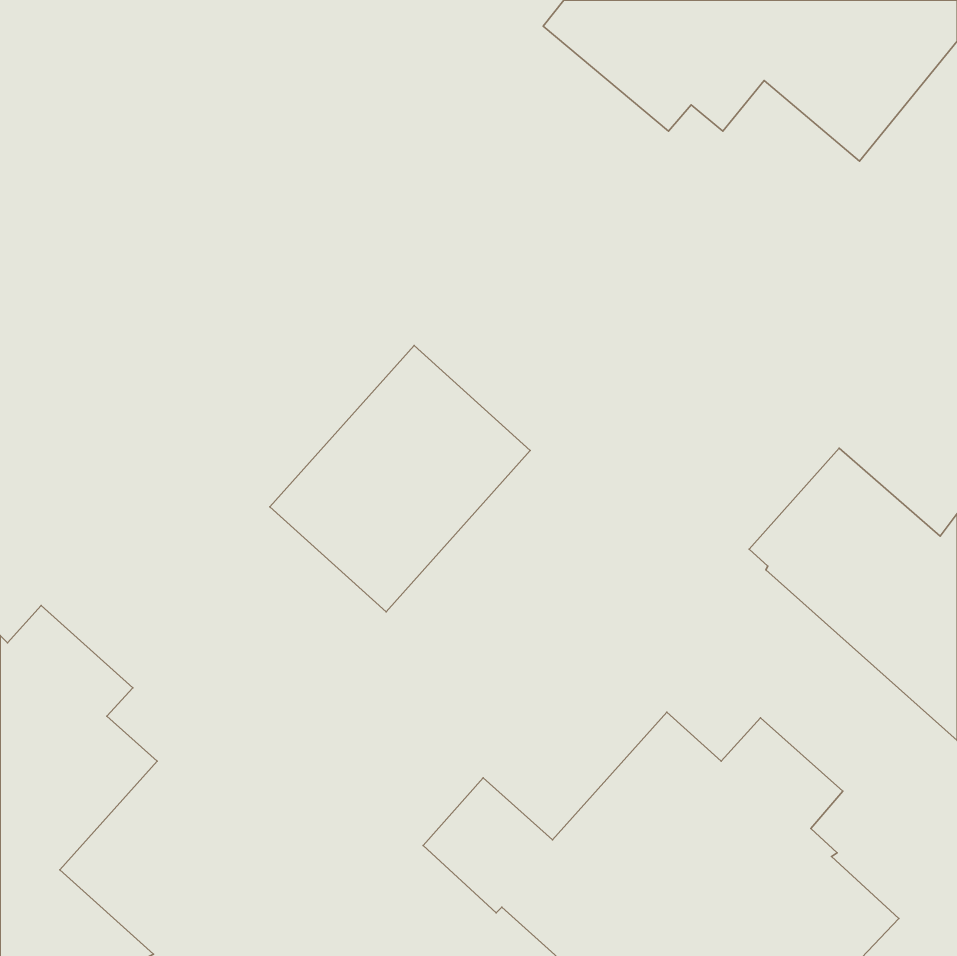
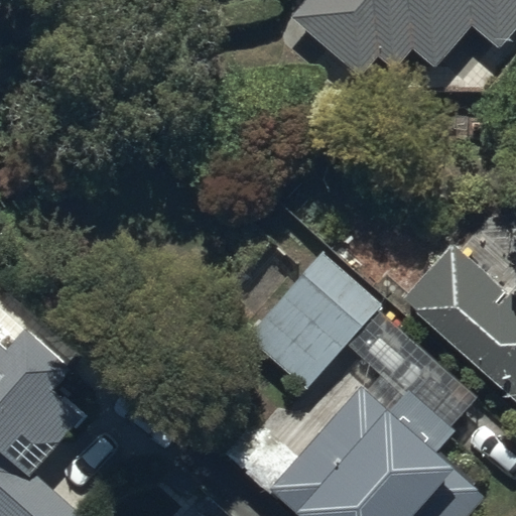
building: [270,346,530,612] -> [244,248,384,391]

